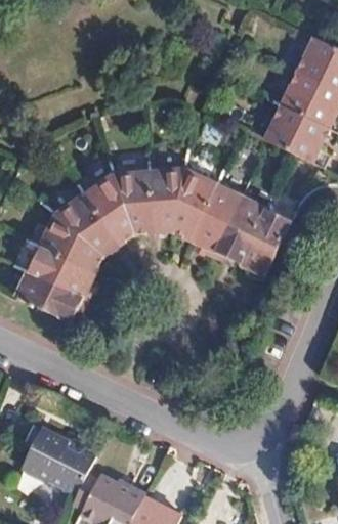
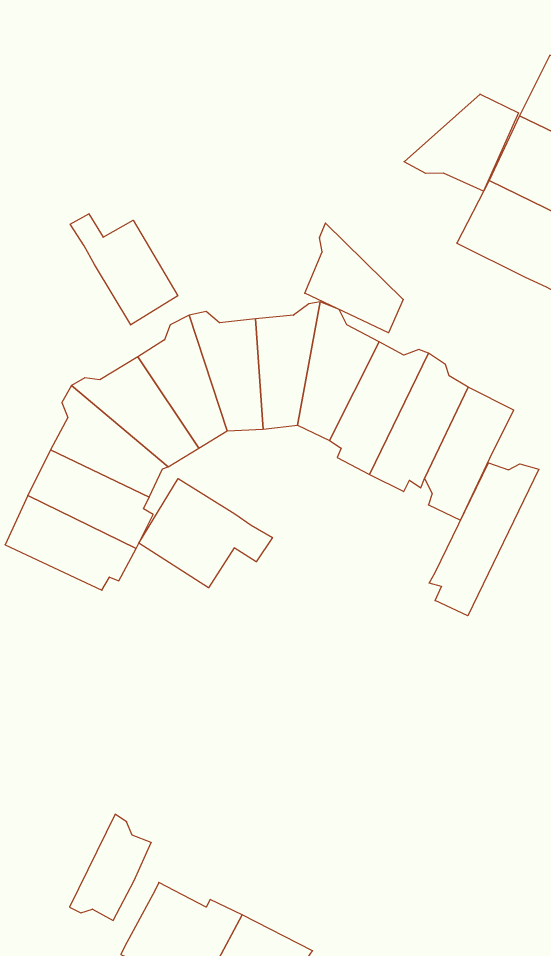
building: none -> [404,94,519,191]
building: none -> [70,214,178,325]
building: none -> [305,223,403,333]
building: none -> [429,463,539,616]
building: none -> [139,479,272,588]
building: [22,432,77,491] -> none

